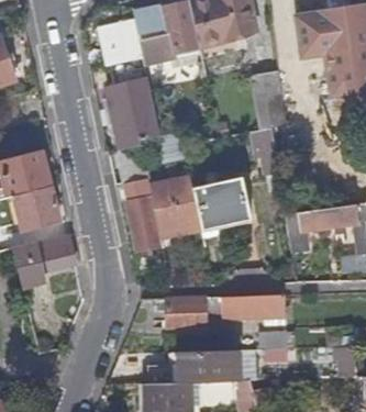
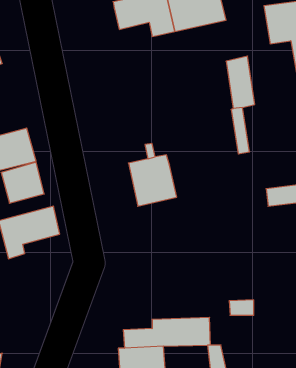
building: [102,20,162,148] -> none
building: [195,177,254,227] -> none
building: [129,198,162,252] -> none
building: [152,293,284,327] -> none

